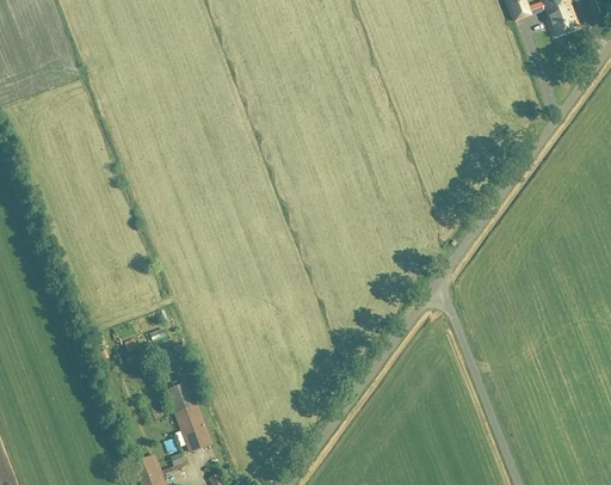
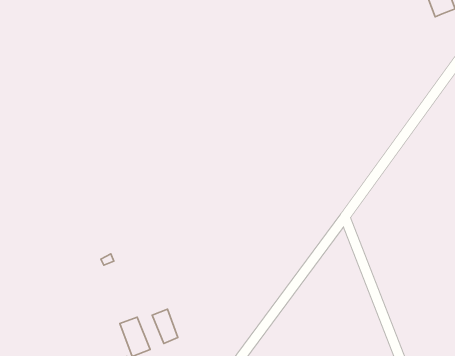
building: none -> [152,309,178,344]

